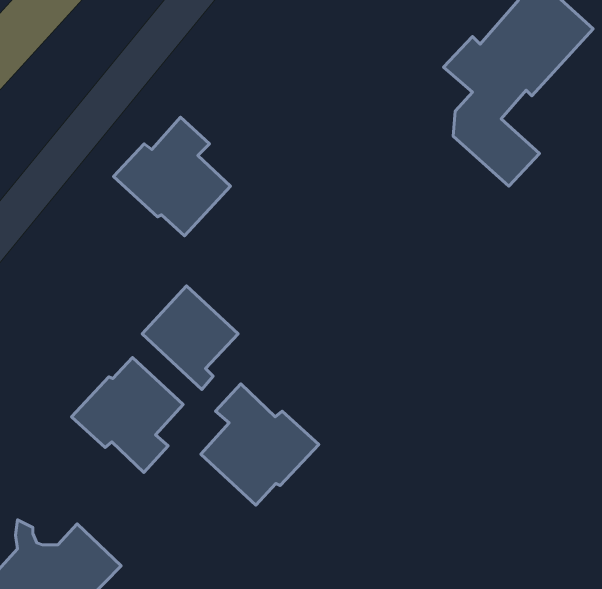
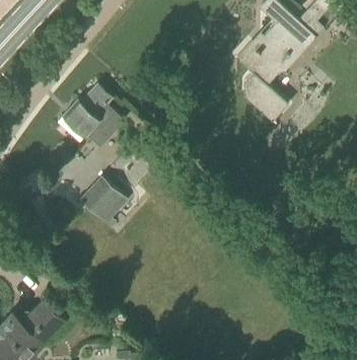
building: [71,358,183,472] -> none
building: [201,384,319,505] -> none

